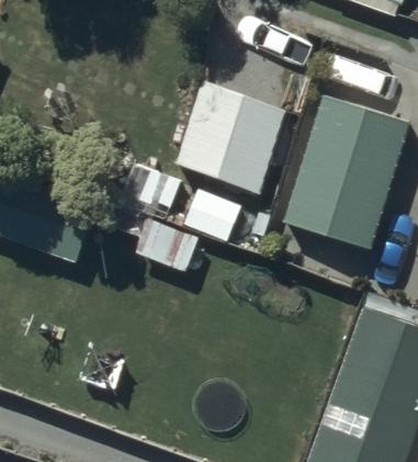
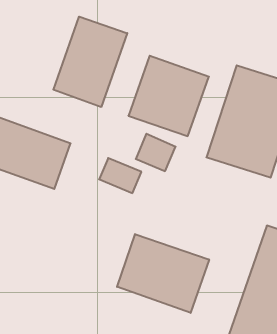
building: none -> [53,17,127,107]
building: none -> [117,234,209,313]

